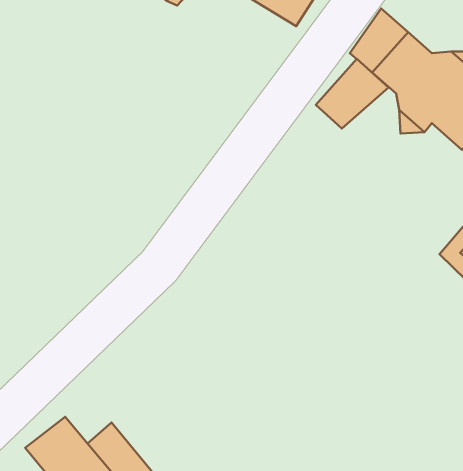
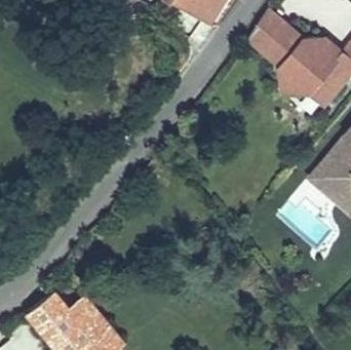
building: [316,59,389,129] -> none

